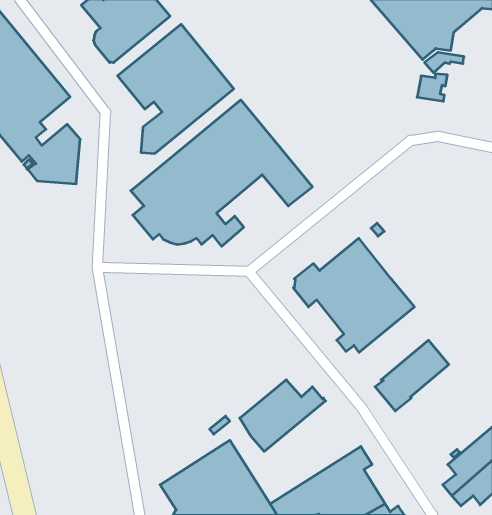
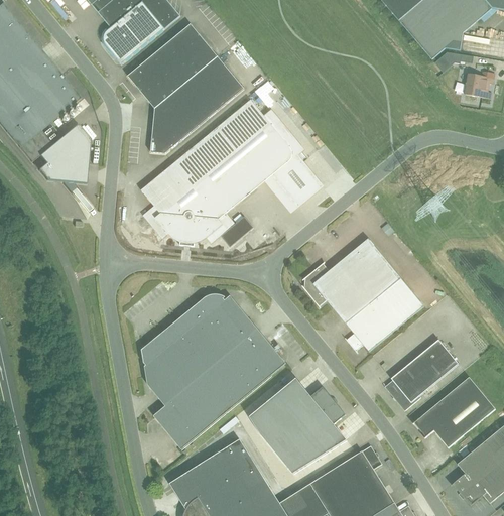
building: [417,74,447,101] -> [464,72,494,99]
building: none -> [141,294,285,449]
building: none -> [413,377,495,447]
building: none -> [273,400,346,474]

